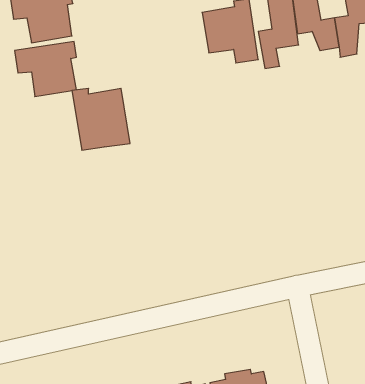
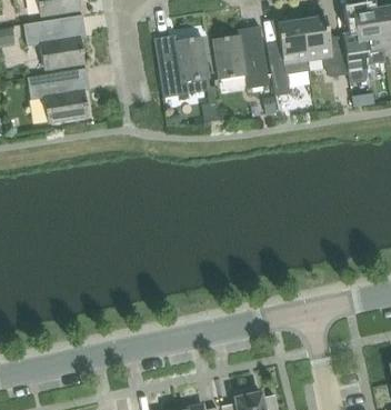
building: [72,88,130,150] -> [153,36,211,97]

